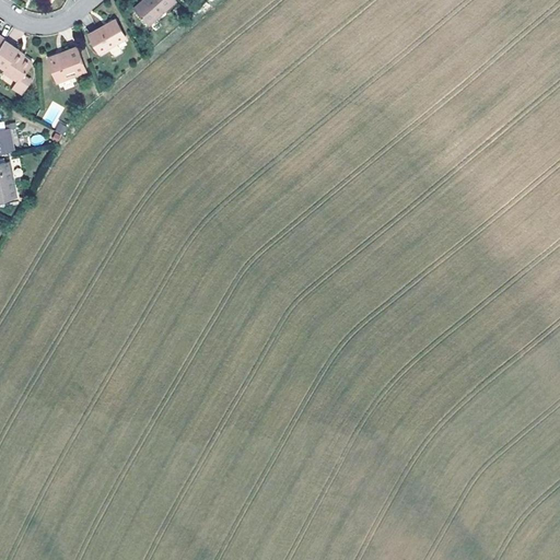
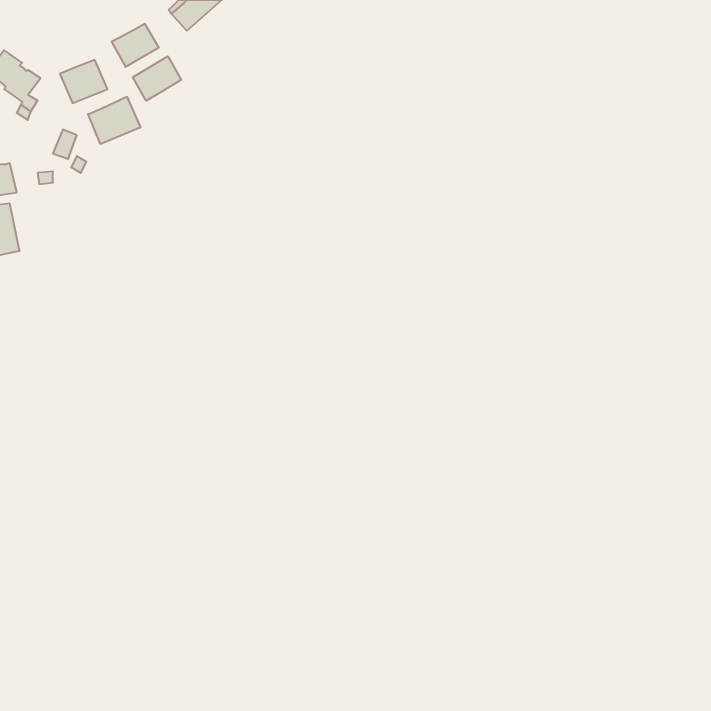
building: none -> [133,56,181,101]
building: none -> [88,97,140,144]

